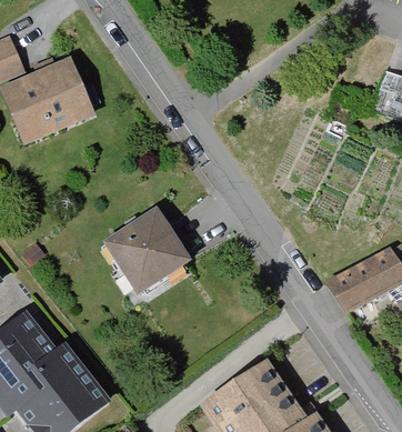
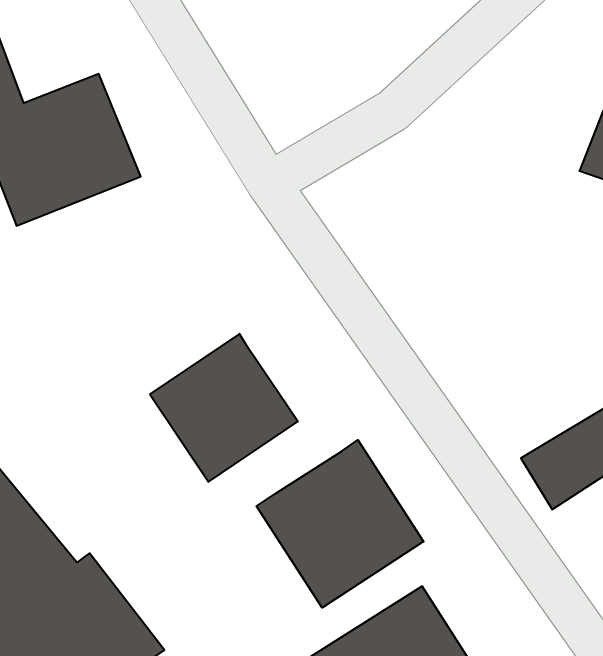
building: none -> [257,440,424,608]

